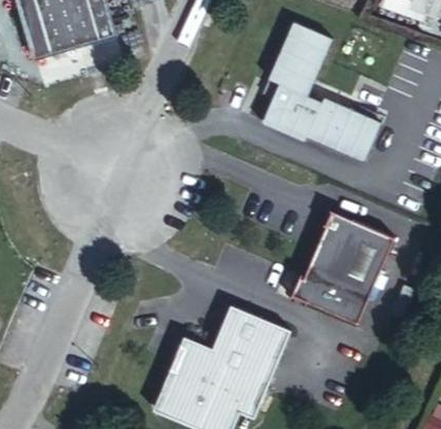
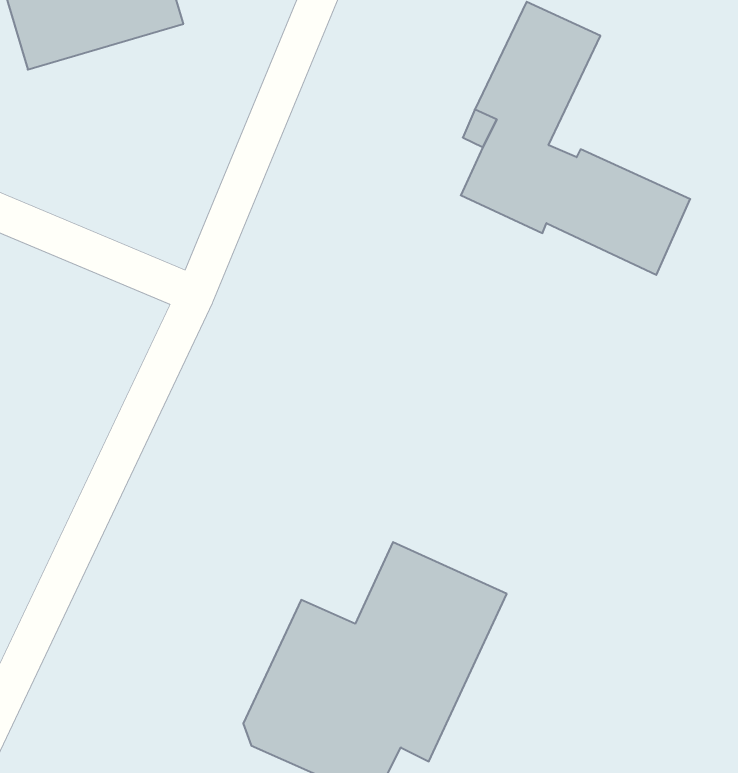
building: [288,213,392,326] -> none

